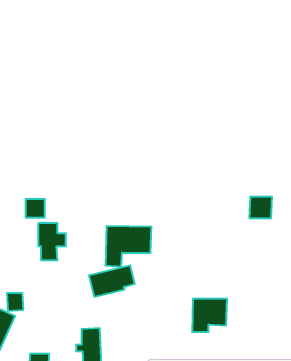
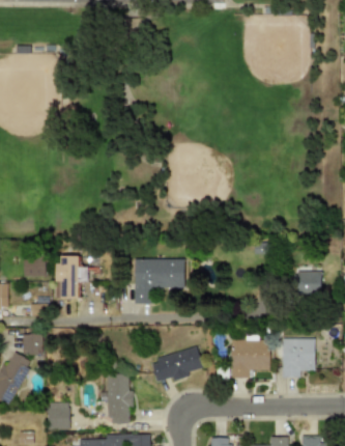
building: [249,197,272,218] -> [296,271,322,295]
building: [26,199,45,218] -> [24,255,46,276]
building: [89,265,135,297] -> [150,347,202,383]
building: none -> [282,338,315,377]

